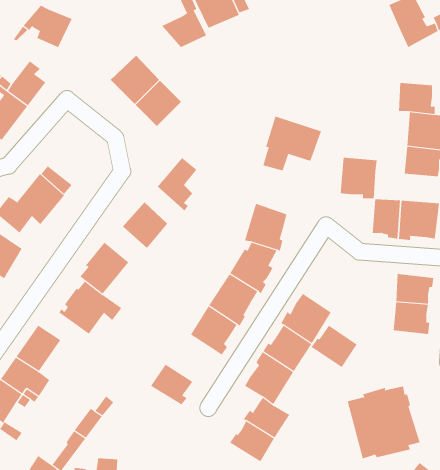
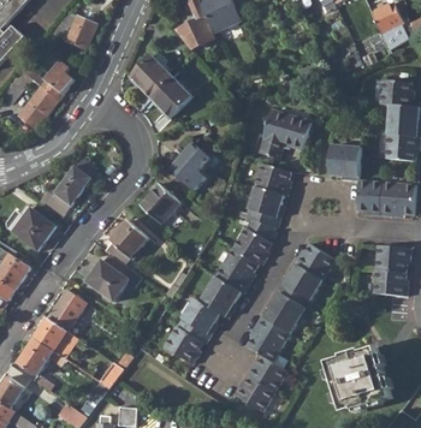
building: none -> [255,161,290,194]
building: [310,325,358,368] -> [293,242,334,279]
building: none -> [177,296,219,341]

